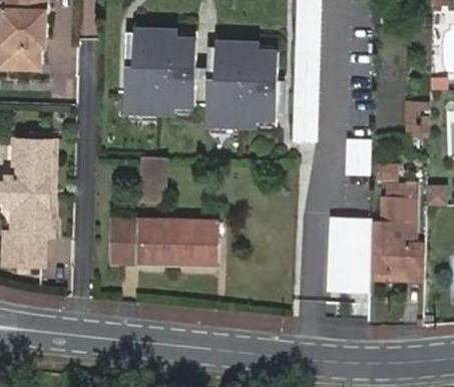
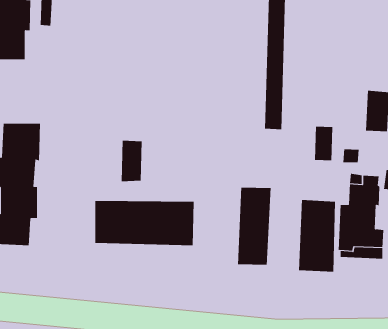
building: [123,27,195,115] -> none
building: [204,41,278,129] -> none
building: none -> [238,187,271,265]

